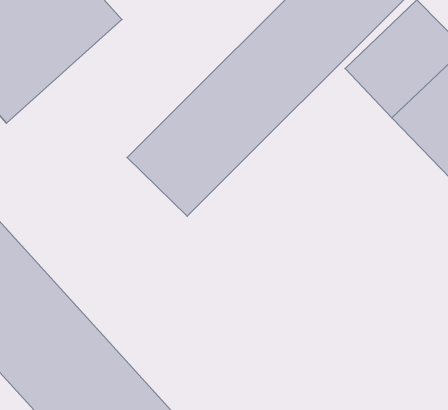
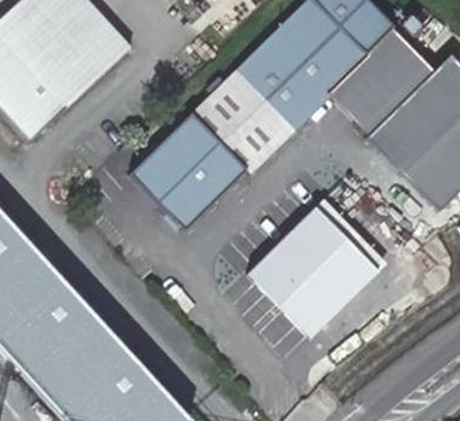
building: none -> [248,199,391,342]

